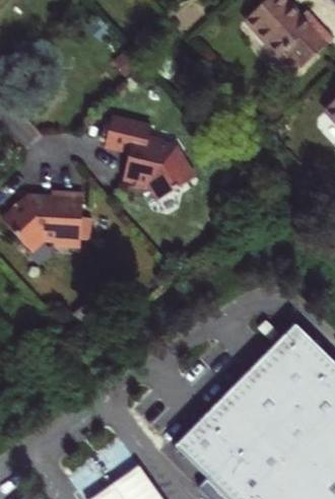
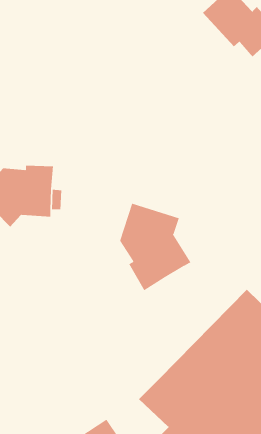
building: [107,112,197,196] -> none
building: none -> [119,203,191,291]

